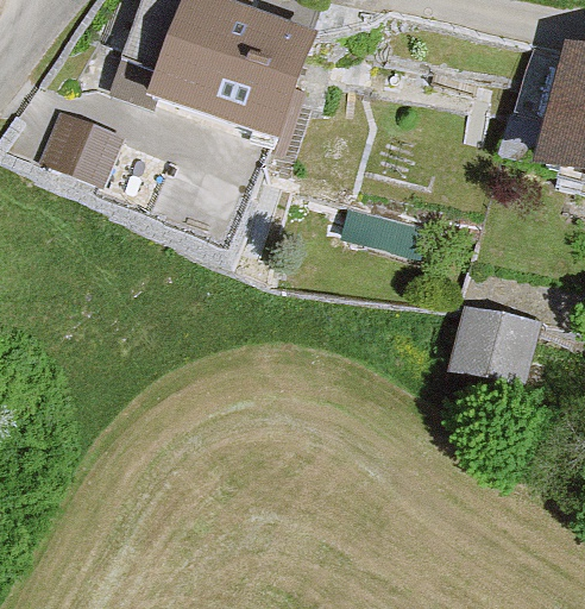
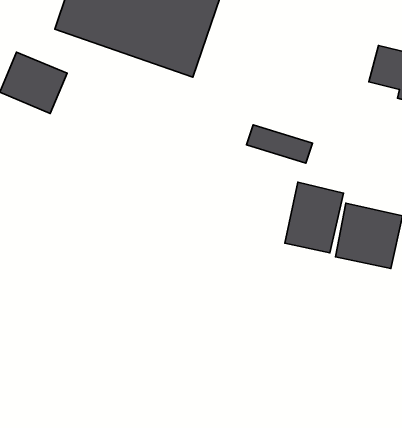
building: none -> [285,182,343,253]

